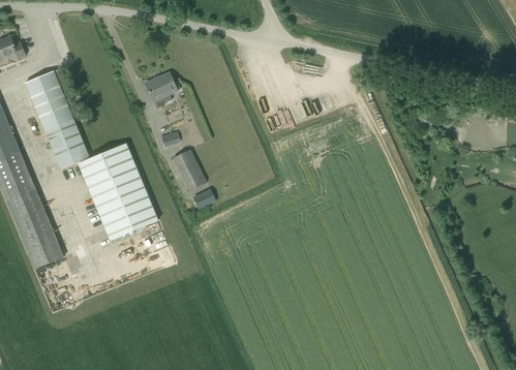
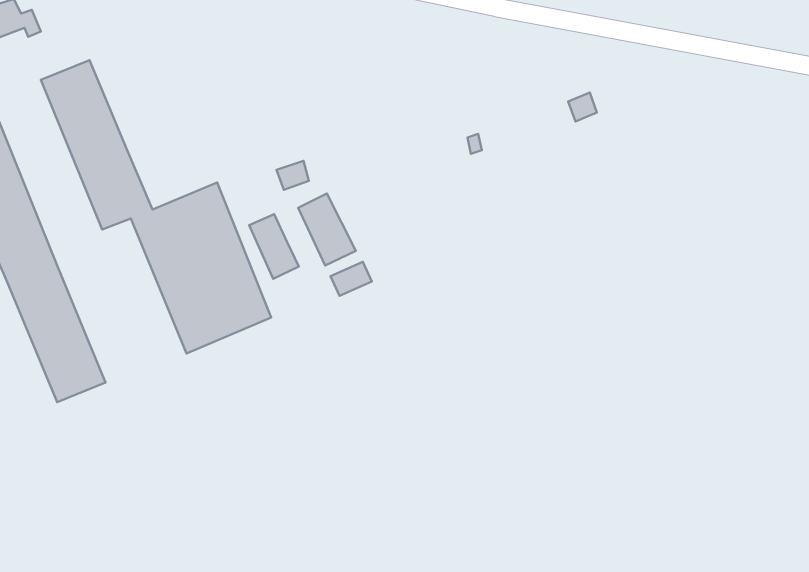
building: [145,72,176,101] -> none
building: none -> [249,214,299,279]

